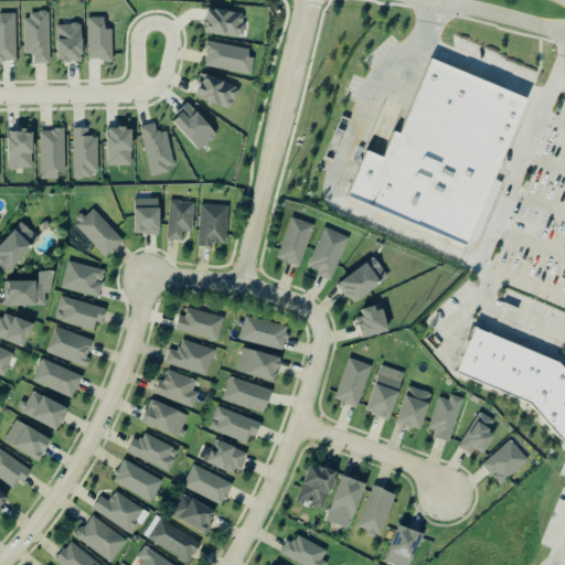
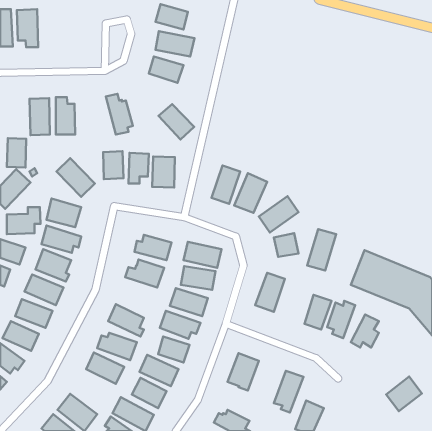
building: [87,17,111,60] -> none
building: [56,23,83,60] -> none
building: [350,58,531,246] -> none
building: [171,103,217,149] -> [159,104,194,140]
building: [107,127,132,164] -> none
building: [8,129,33,168] -> [7,138,26,168]
building: [367,365,405,419] -> [307,229,336,270]
building: [153,369,199,407] -> none
building: [482,439,529,484] -> [386,377,422,411]
building: [328,475,365,529] -> none
building: [92,491,149,533] -> none

